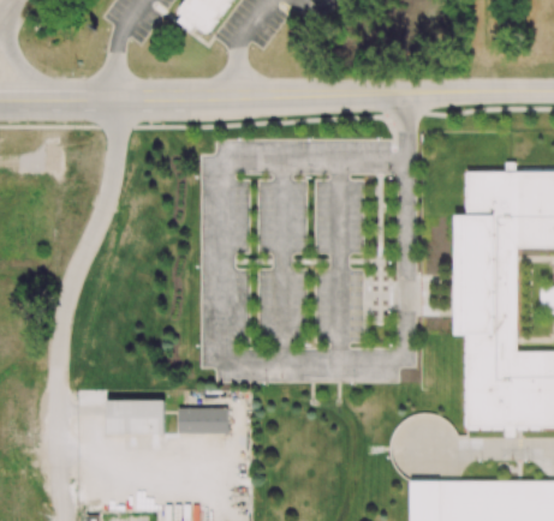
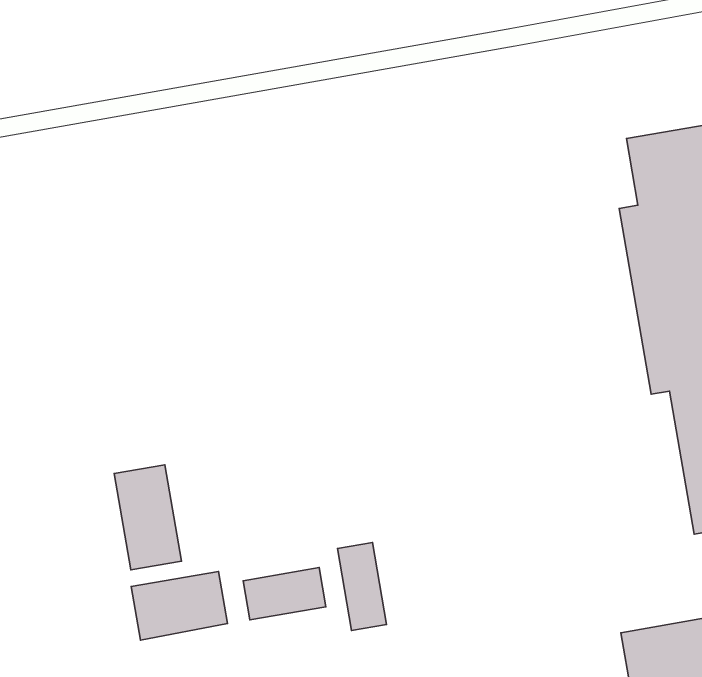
building: none -> [114,465,181,570]
building: none -> [338,542,386,630]

